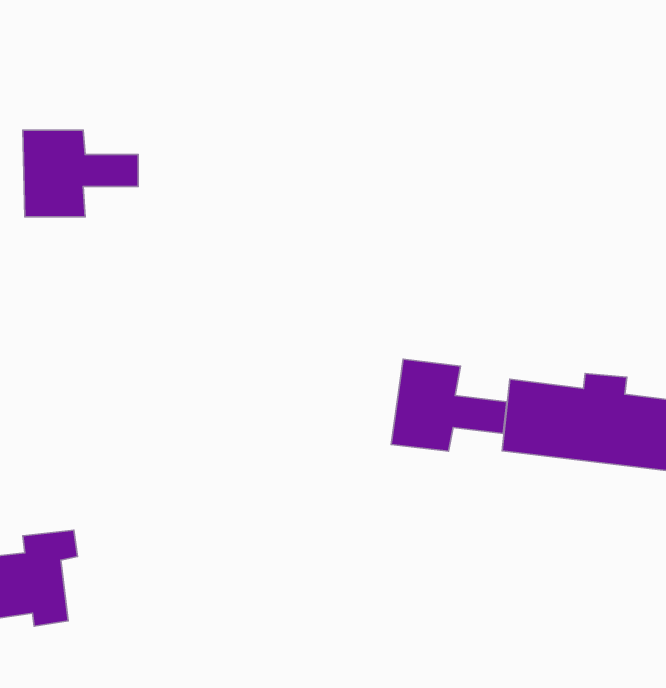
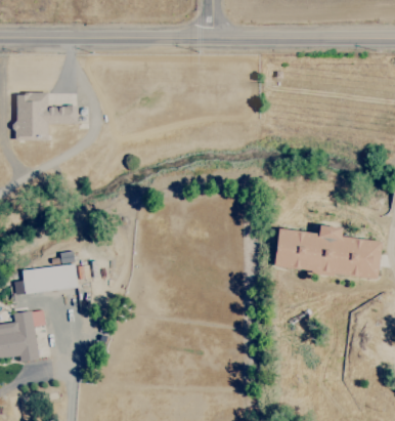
building: [391,359,507,451] -> none
building: none -> [23,252,78,293]

